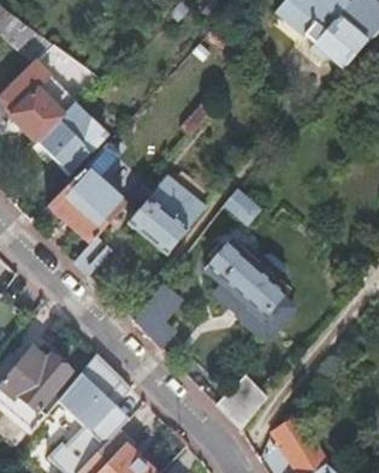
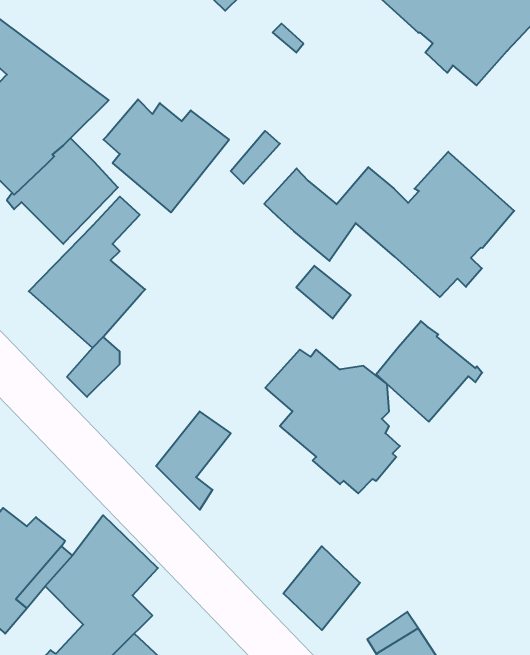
building: none -> [264,152,514,297]
building: [122,179,205,254] -> [103,99,229,212]
building: none -> [376,321,482,422]

